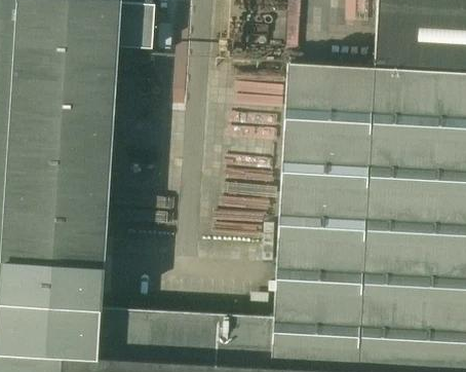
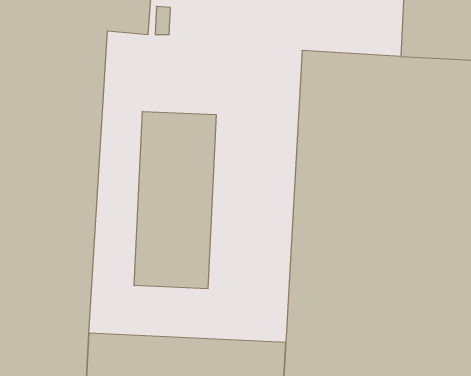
building: none -> [134,111,216,289]

